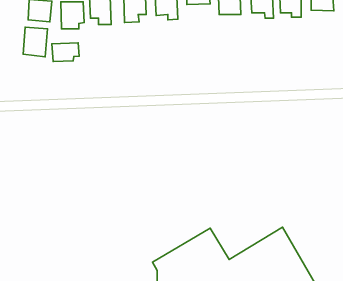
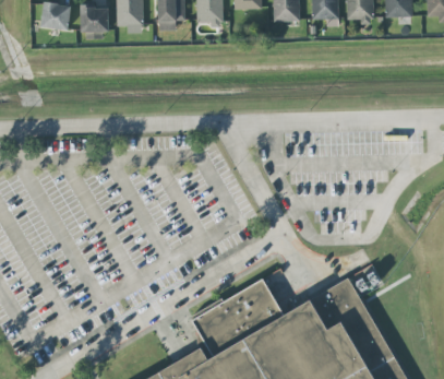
building: [23,27,47,57] -> none
building: [52,43,79,61] -> none

